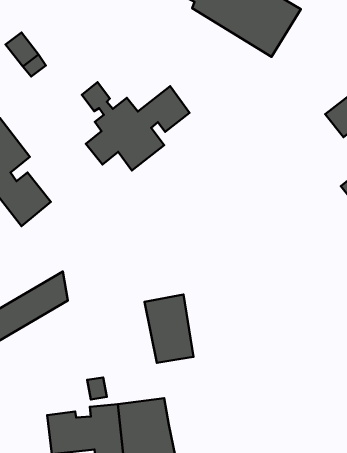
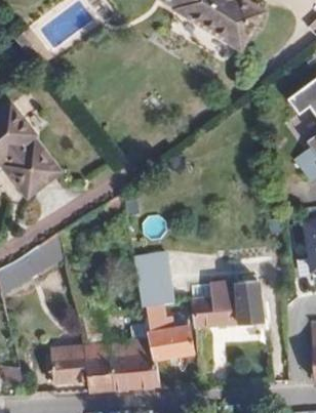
building: [82,82,190,171] -> none
building: none -> [190,280,263,328]
building: none -> [144,305,195,361]

